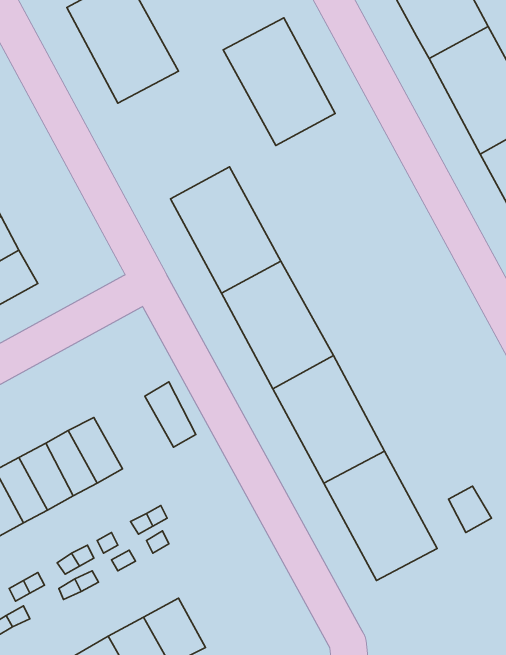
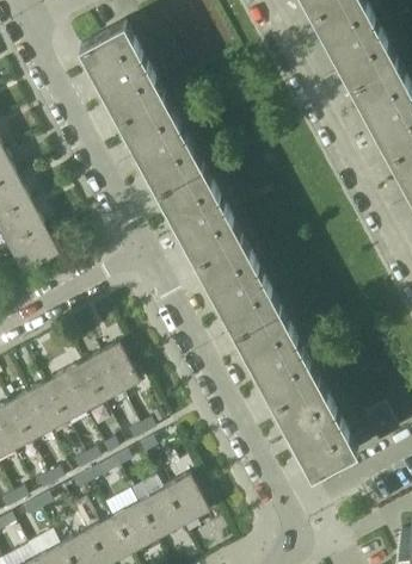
building: [223,18,335,146] -> [116,95,199,191]
building: [145,382,196,447] -> [98,343,136,392]
building: none -> [161,476,207,526]

